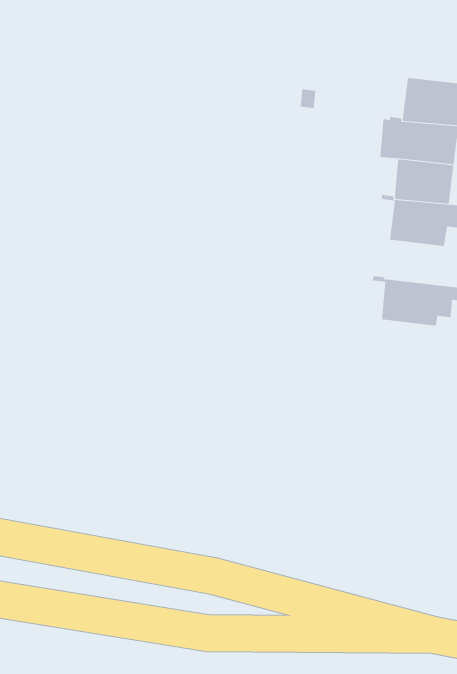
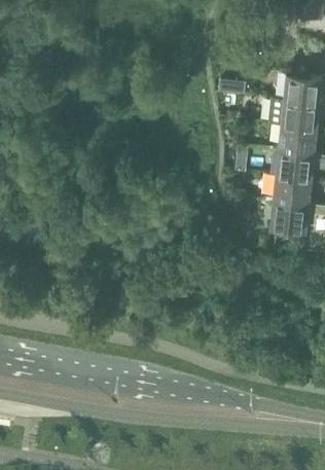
building: none -> [273,177,311,206]

